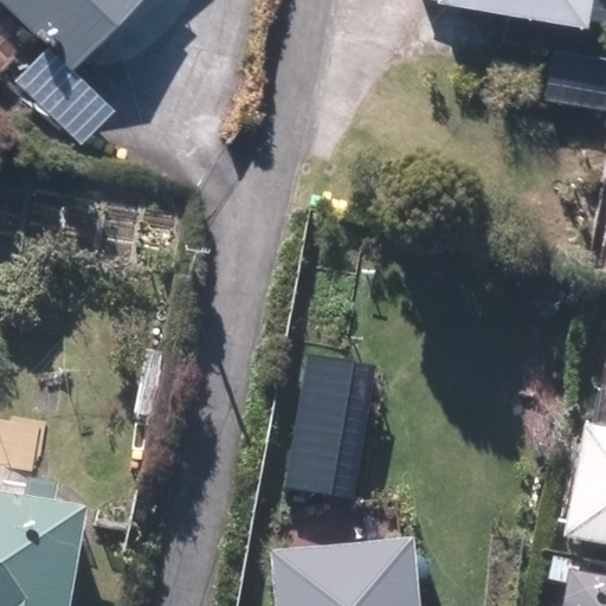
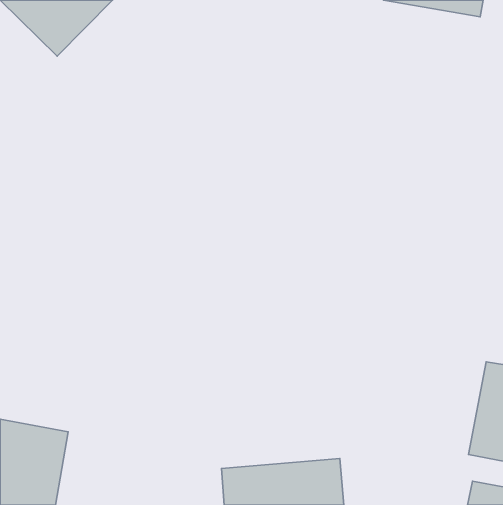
building: [284,359,376,499] -> none

